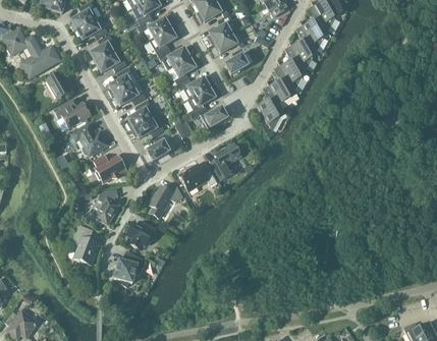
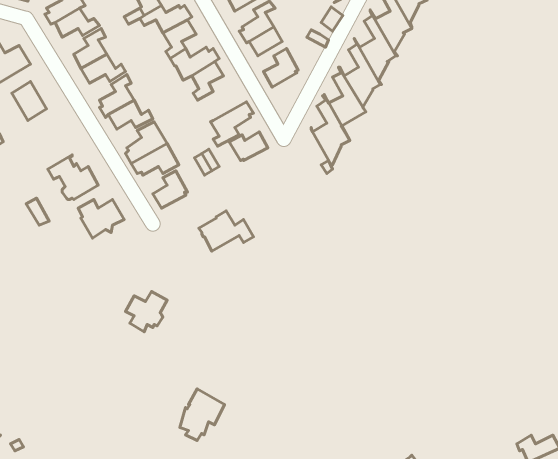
building: [177,76,212,99] -> none
building: [53,99,90,127] -> none
building: [210,143,241,180] -> none
building: [148,182,183,217] -> none
building: [95,188,119,224] -> none
building: [73,224,98,264] -> none
building: [114,249,146,286] -> [180,389,224,441]

